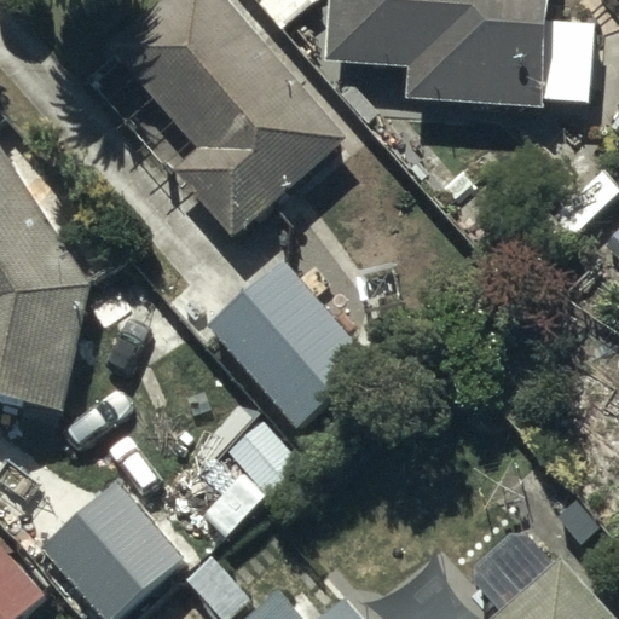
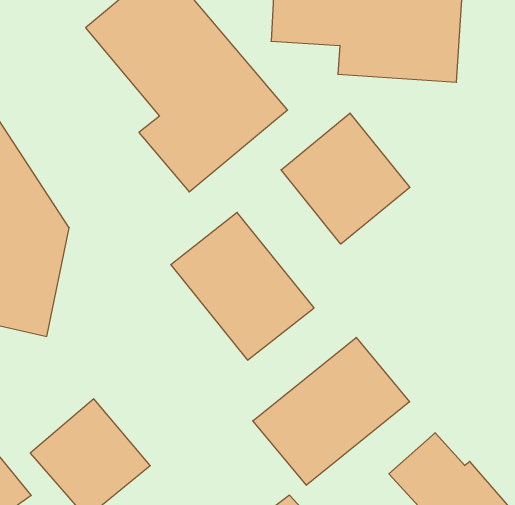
building: none -> [281,113,410,244]
building: none -> [253,337,410,485]

